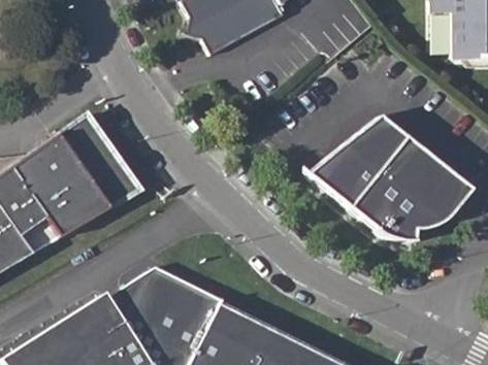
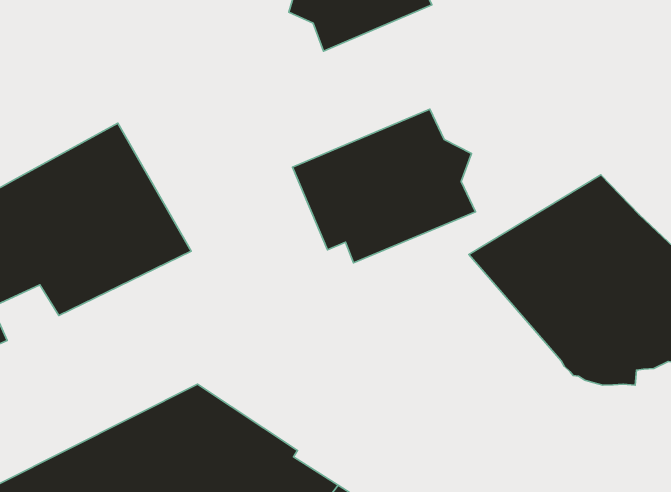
building: none -> [292,109,475,263]

